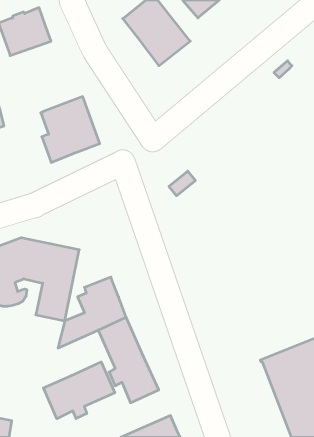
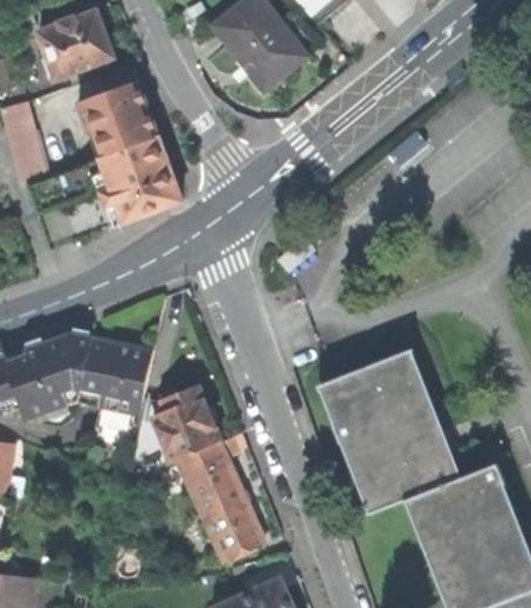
building: none -> [78,82,157,154]
building: none -> [317,350,461,514]
building: [43,362,115,419] -> none

